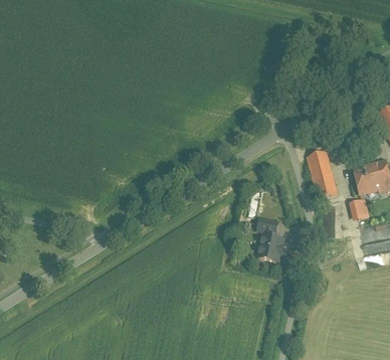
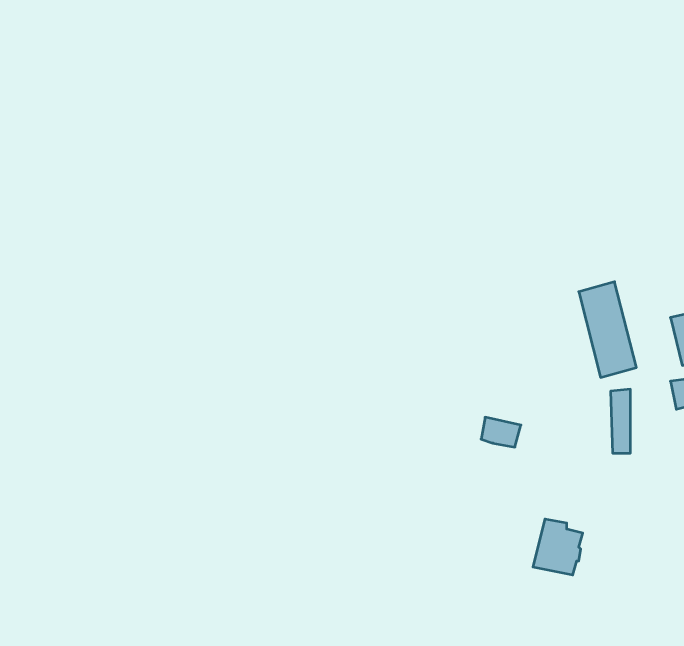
building: [257,232,282,260] -> [533,519,583,575]

